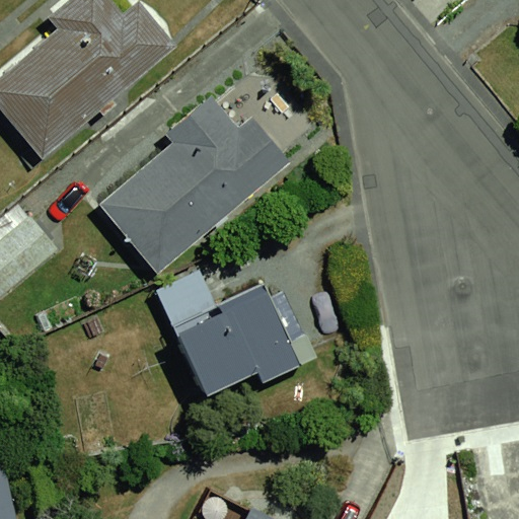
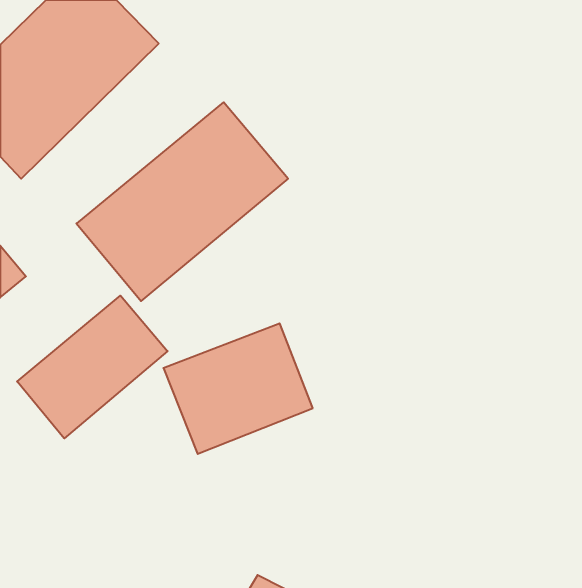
building: none -> [17,296,168,438]

